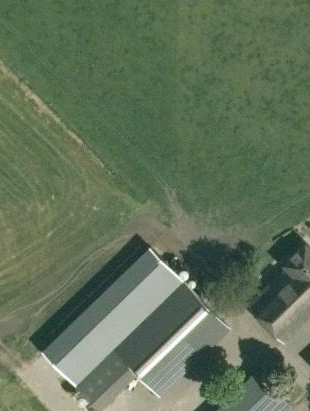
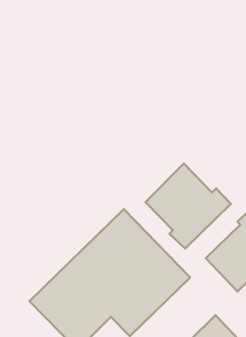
building: none -> [146,164,231,249]

